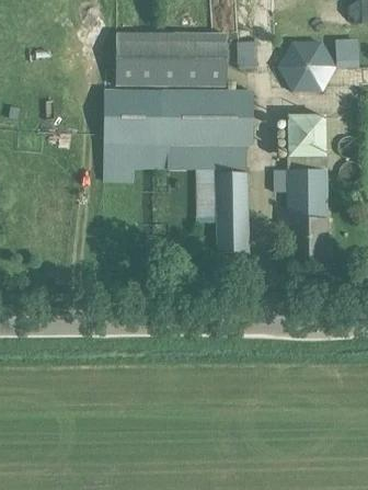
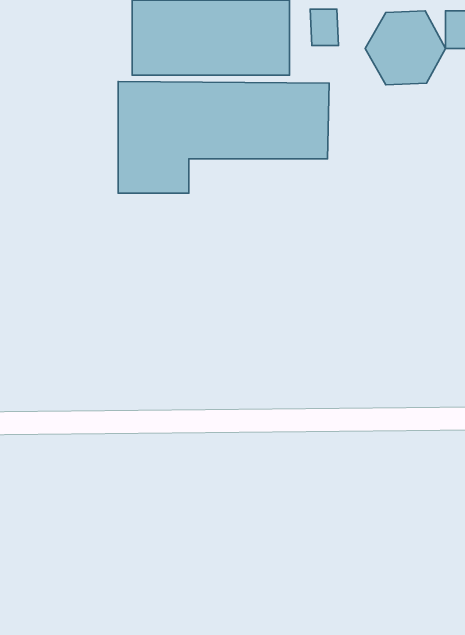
building: [288,114,324,158] -> none
building: [166,145,248,254] -> none
building: [273,169,327,260] -> none

